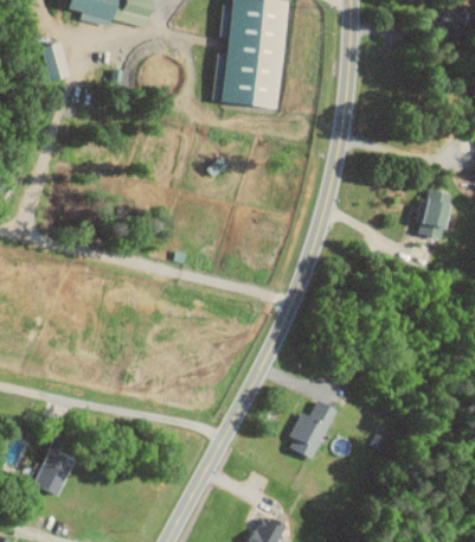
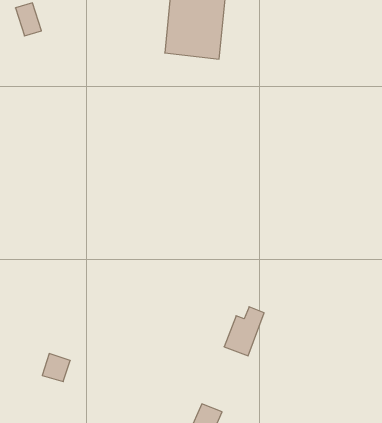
building: [415,190,451,238] -> none
building: [34,460,68,493] -> [42,354,70,382]

